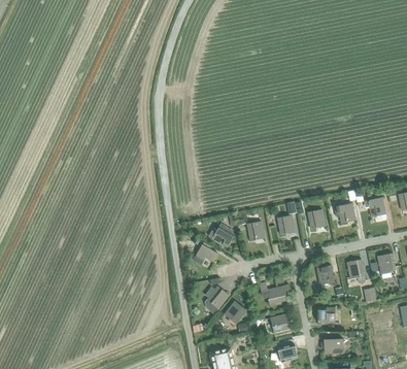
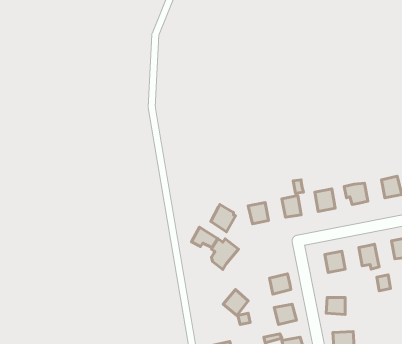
building: [205,286,230,313] -> [211,239,239,269]

